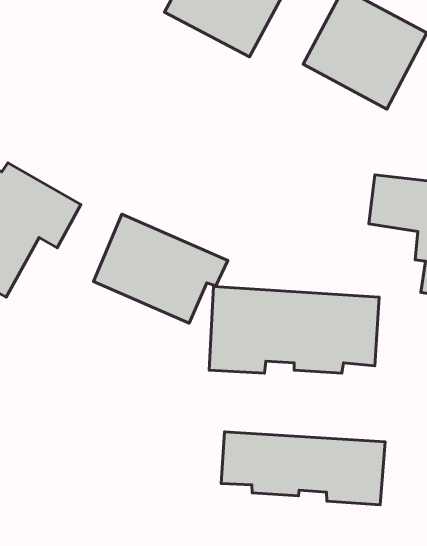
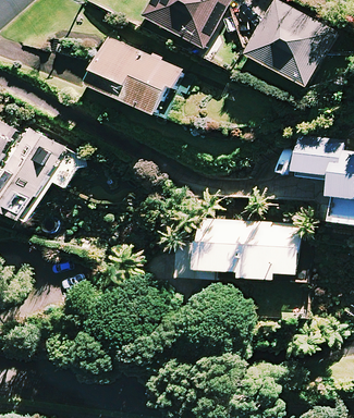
building: [94,214,228,323] -> [83,35,181,114]
building: [221,432,385,505] -> none

